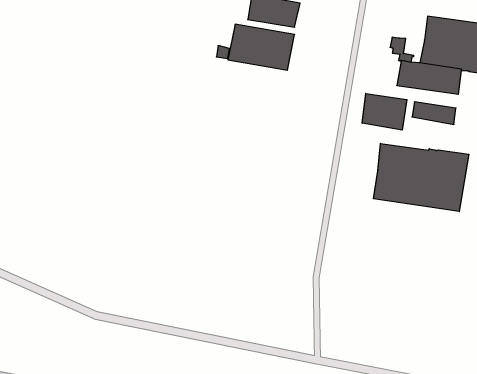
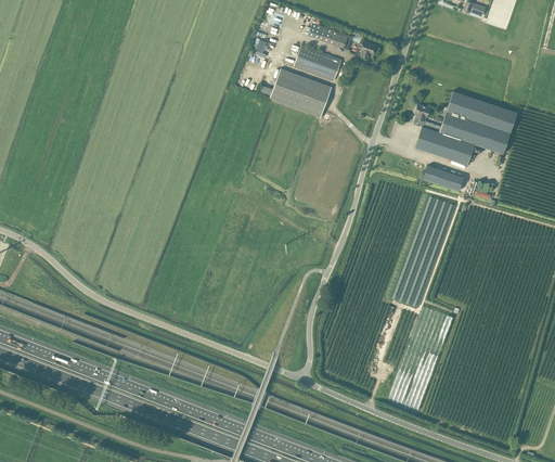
building: [362,93,407,130] -> none
building: [374,143,469,212] -> none

